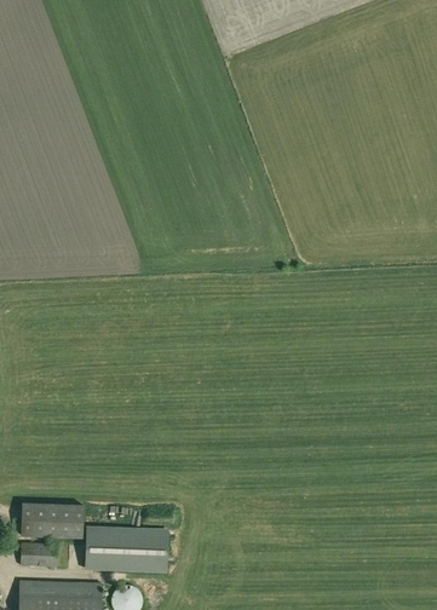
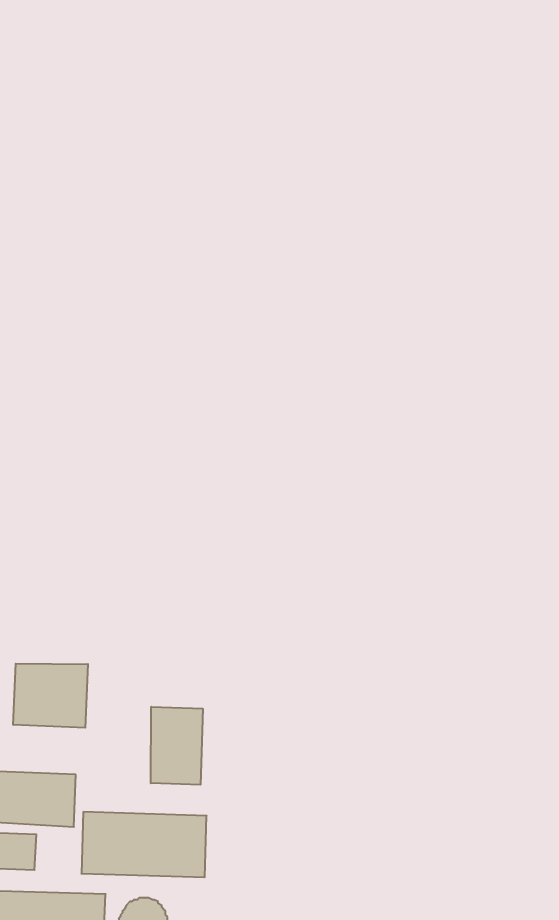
building: none -> [13,664,88,728]
building: none -> [151,707,203,785]

